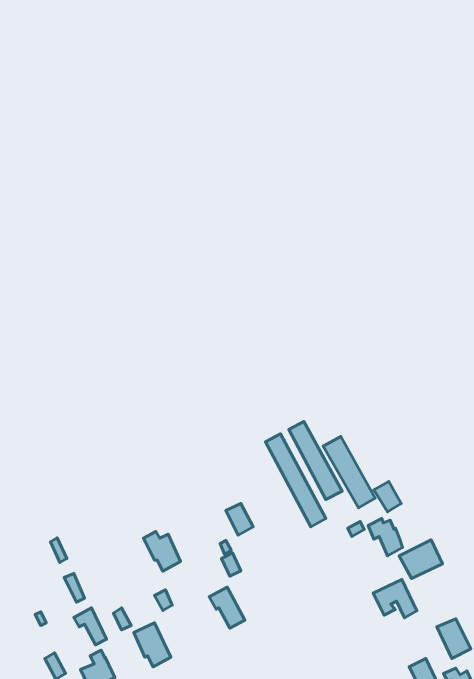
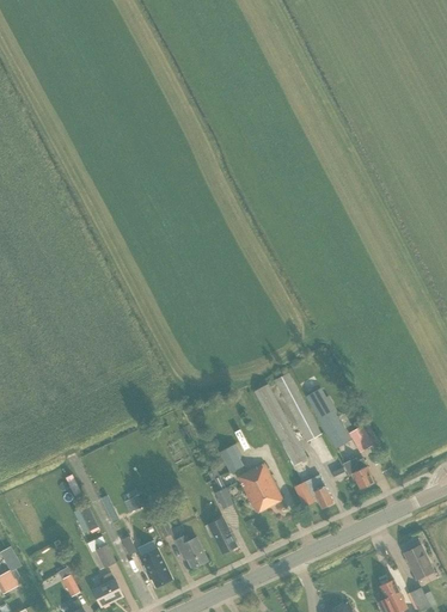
building: none -> [237,464,282,513]
building: [144,531,181,571] -> [174,534,207,569]
building: [399,540,443,578] -> none
building: [373,579,417,618] -> [294,475,332,508]

